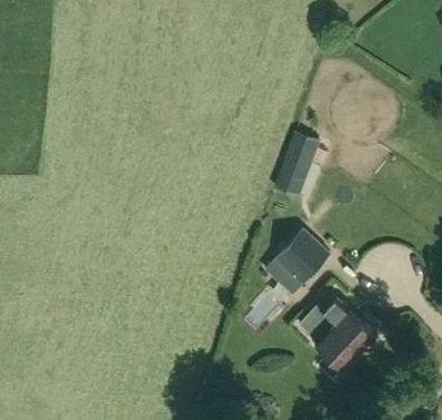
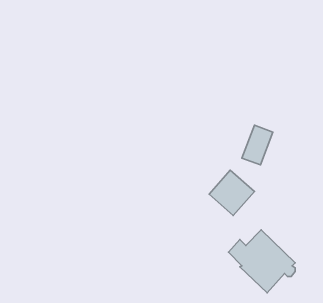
building: [282,134,318,180] -> [242,125,273,165]

